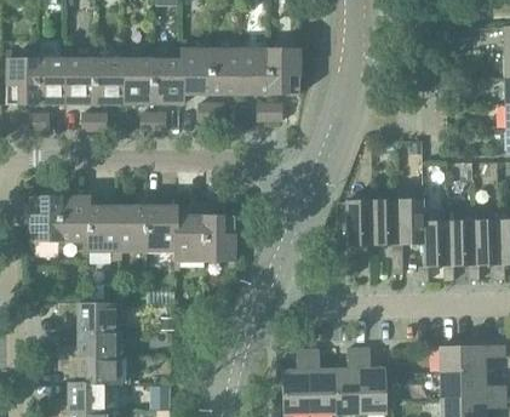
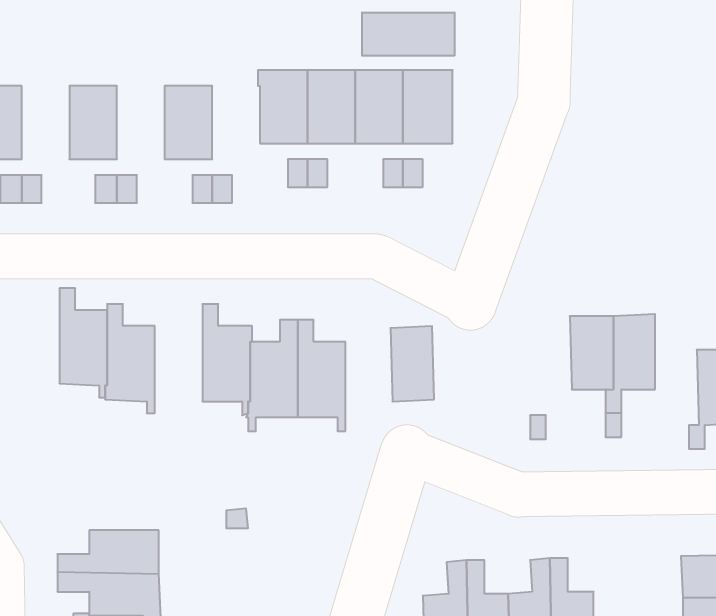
building: none -> [362,12,454,56]
building: [38,58,67,103] -> none
building: [96,58,125,103] -> none
building: [154,58,184,103] -> none
building: [30,182,61,249] -> none
building: [119,192,148,258] -> none
building: [346,199,373,245] -> [390,326,434,401]
building: [419,219,451,280] -> none
building: [59,302,121,330] -> none

